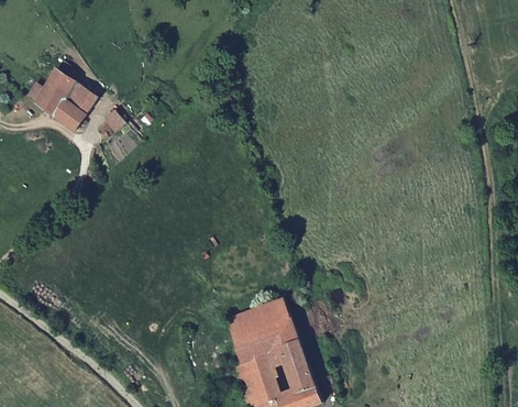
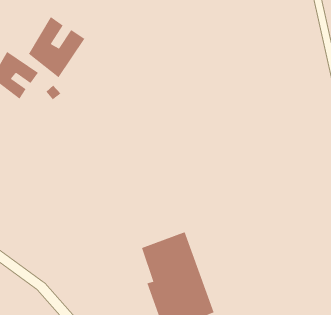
building: none -> [28,16,85,78]

